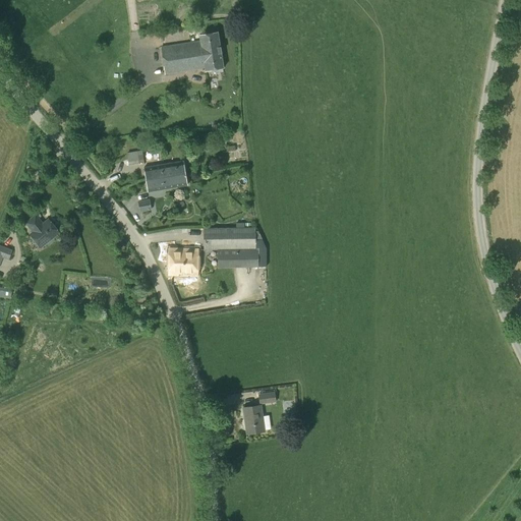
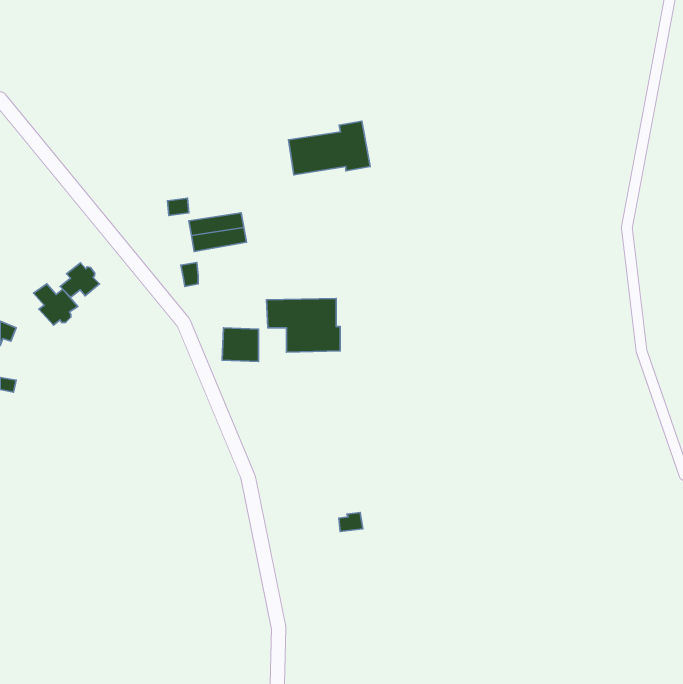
building: [162,33,224,73] -> [288,121,370,175]
building: none -> [60,263,100,297]
building: [244,405,265,433] -> none

